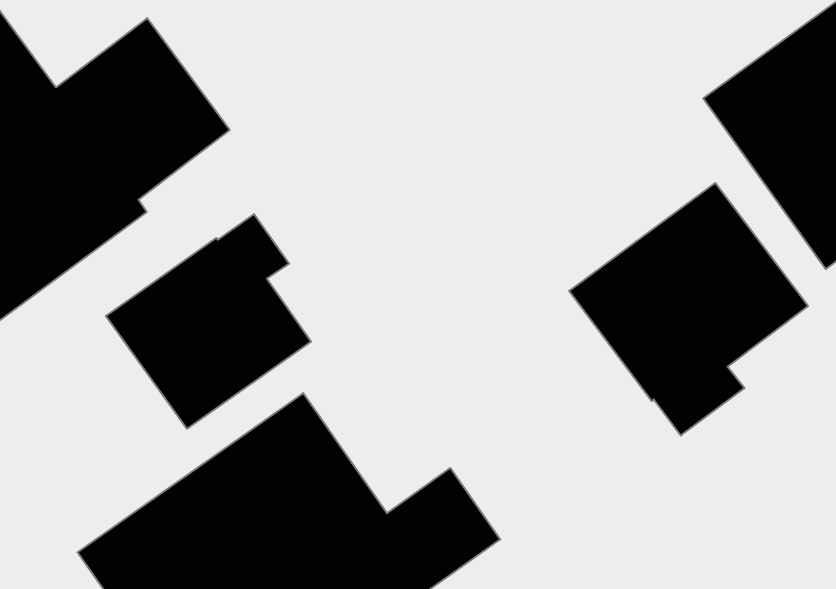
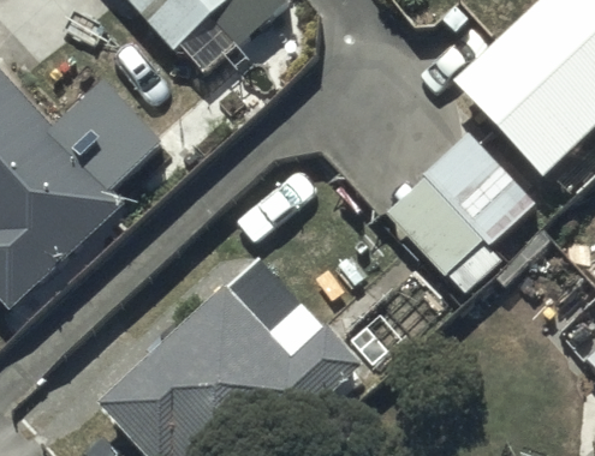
building: [106,214,311,429] -> none

